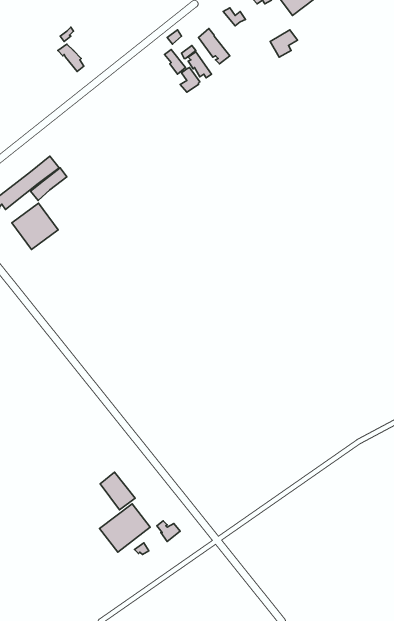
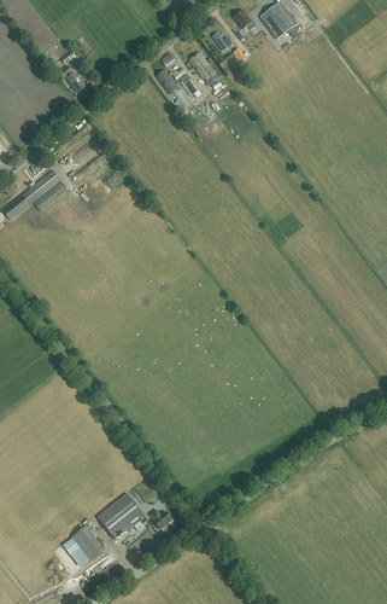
building: [12,203,58,250] -> none
building: [100,472,135,510] -> [72,524,105,559]

